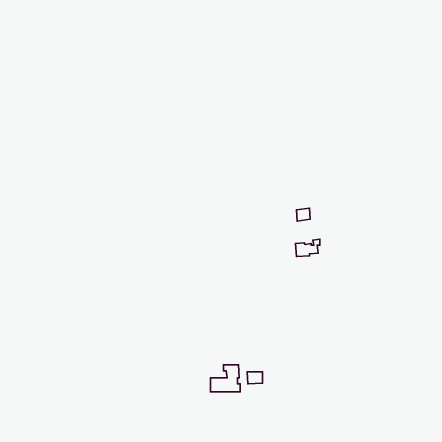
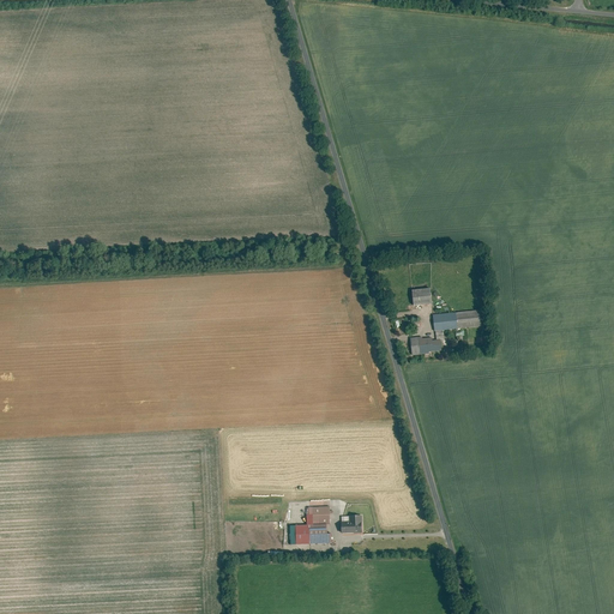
building: none -> [431,308,481,332]

